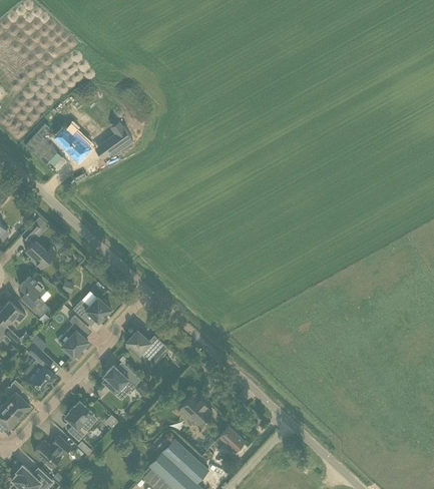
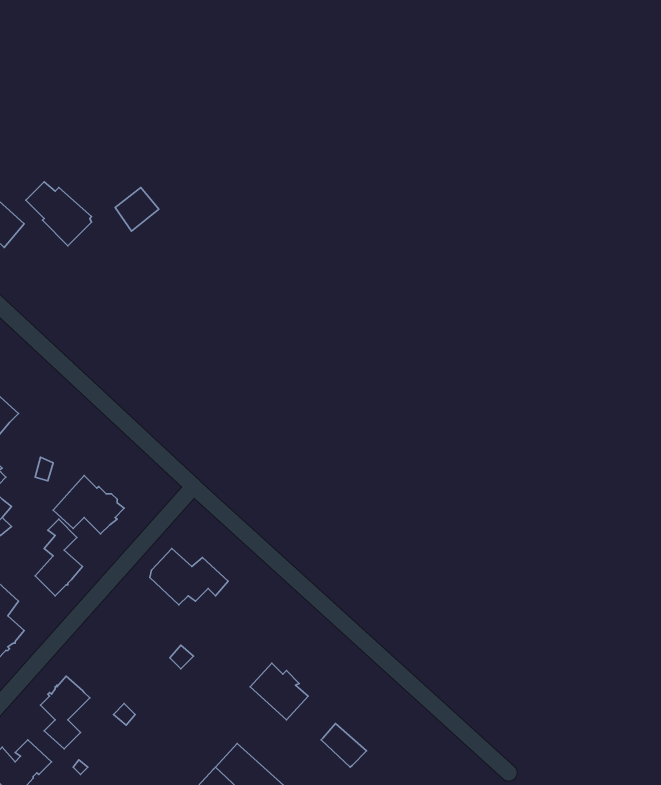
building: [104,367,140,393] -> none

